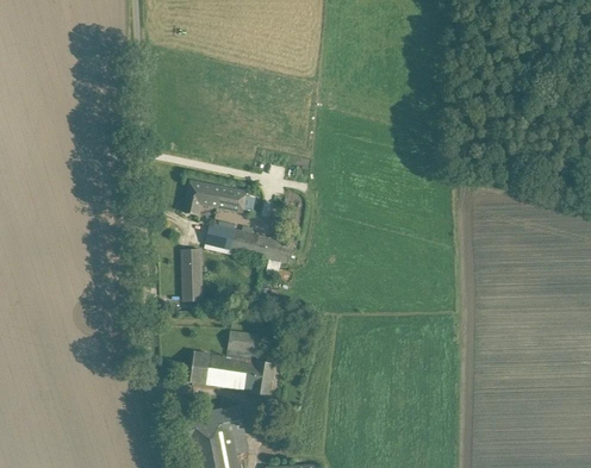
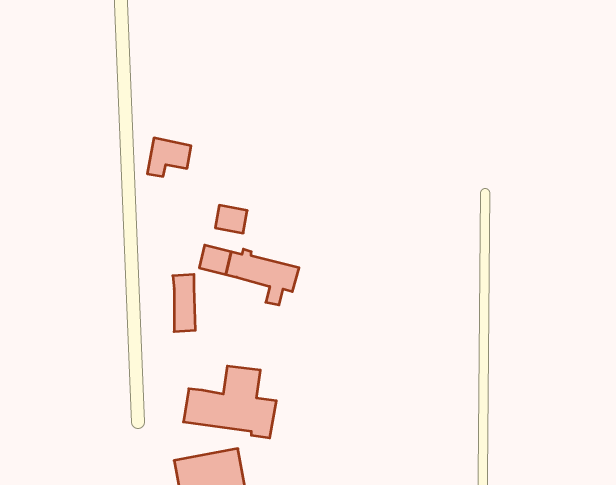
building: [183,180,223,214] -> [147,138,191,176]

